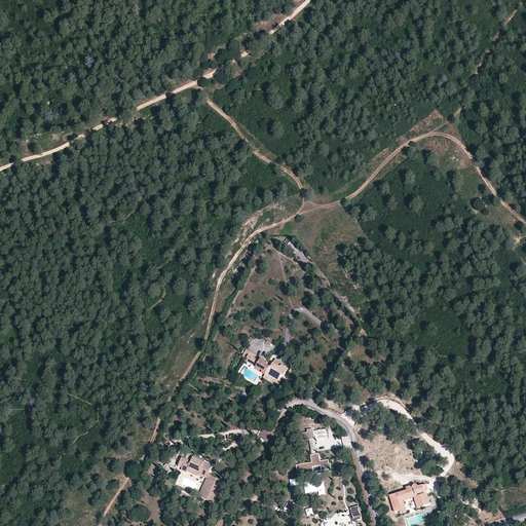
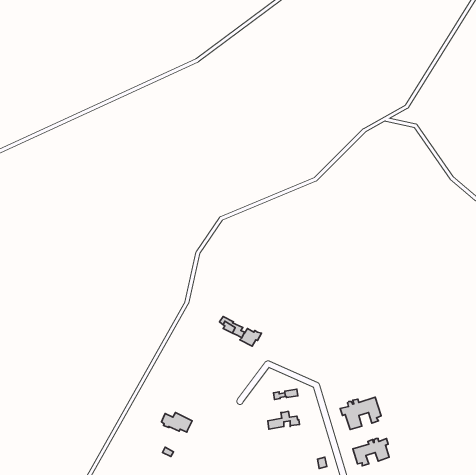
building: none -> [340,397,381,430]
building: [197,474,222,501] -> none

